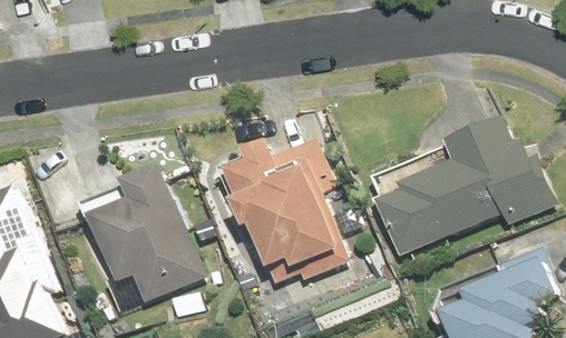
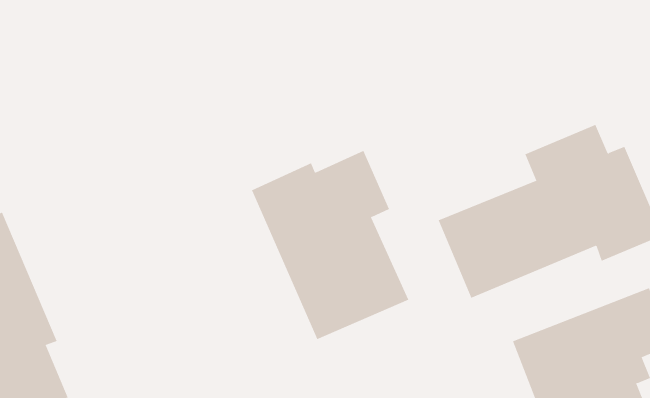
building: [79,162,204,309] -> none

